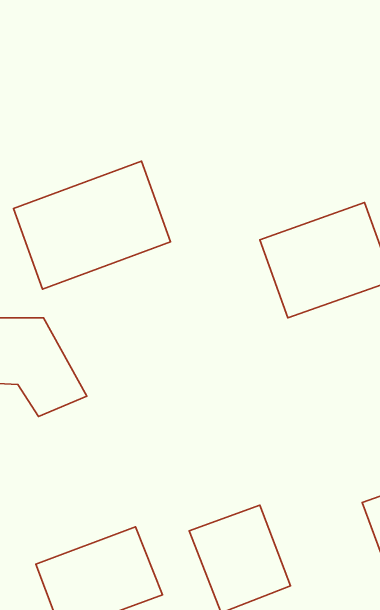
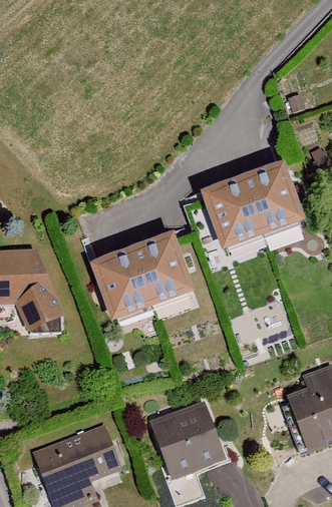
building: [13,161,171,289] -> none
building: none -> [91,236,198,325]

